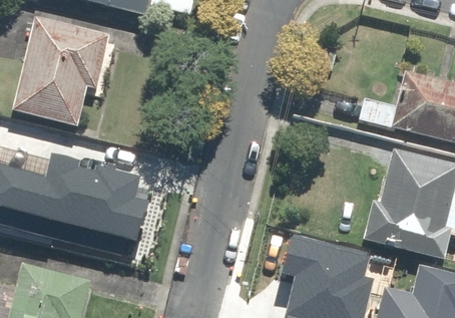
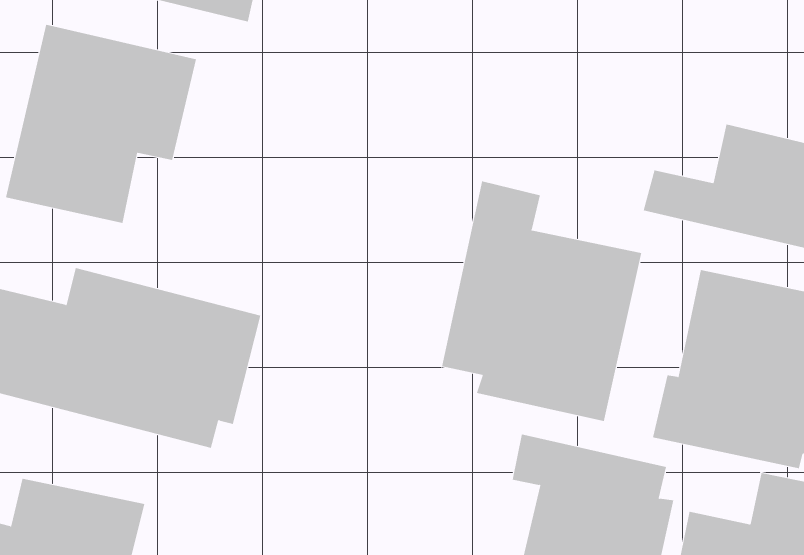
building: none -> [442,181,642,422]

